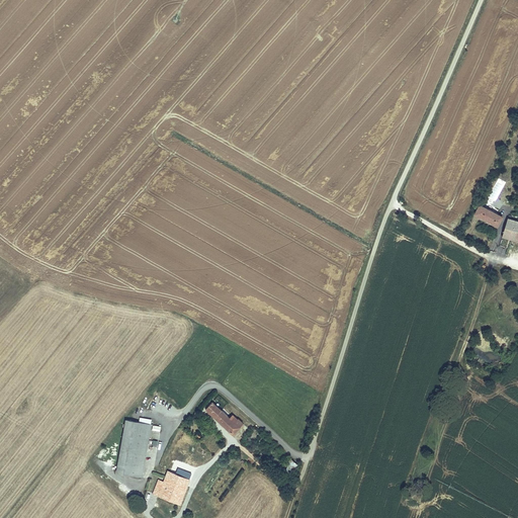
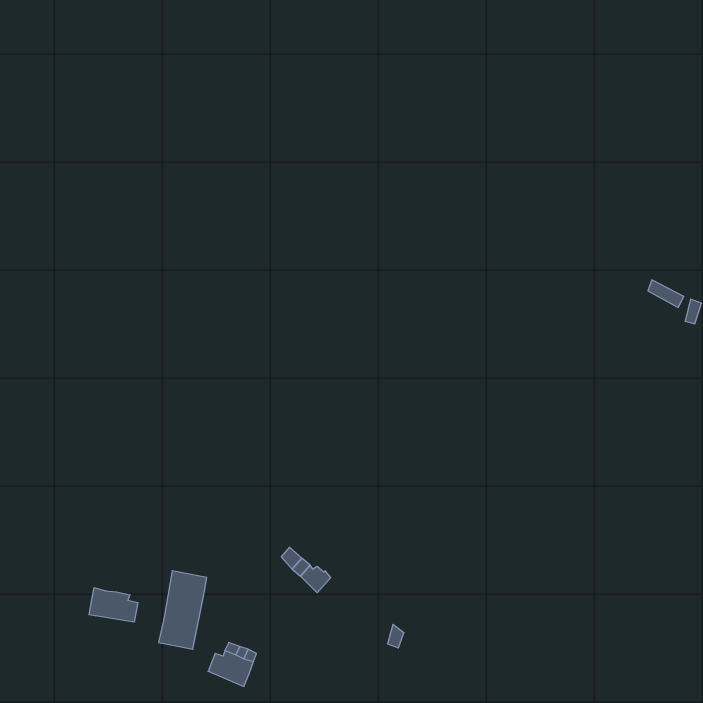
building: none -> [89,588,138,622]

